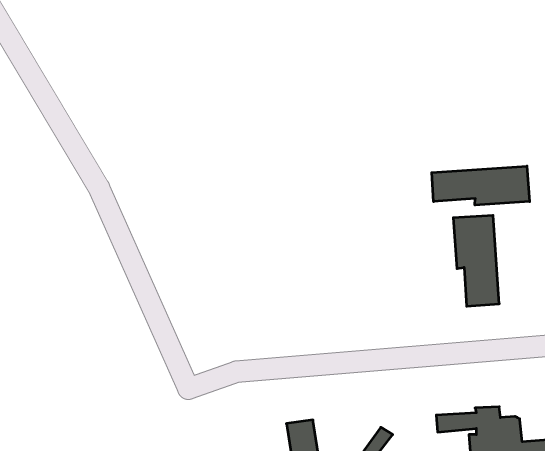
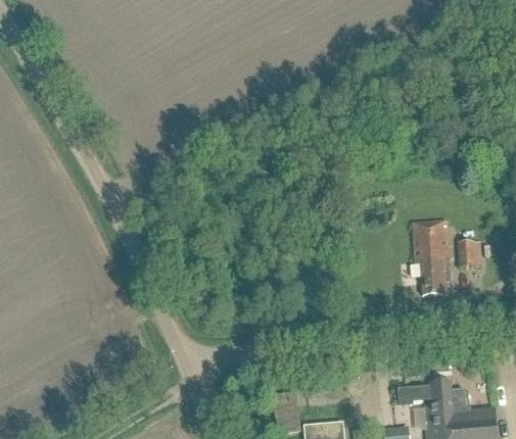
building: [432,166,530,205] -> none
building: none -> [457,244,482,270]

